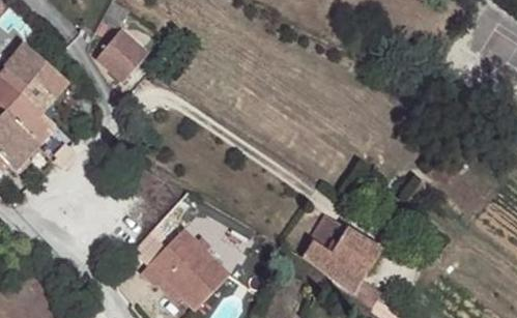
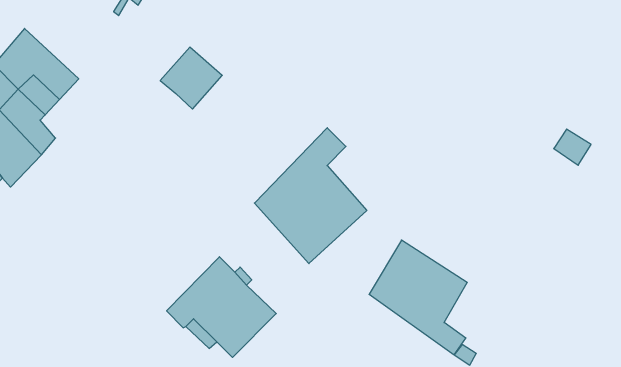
building: [96,31,146,81] -> [160,47,222,109]
building: none -> [254,128,367,264]

